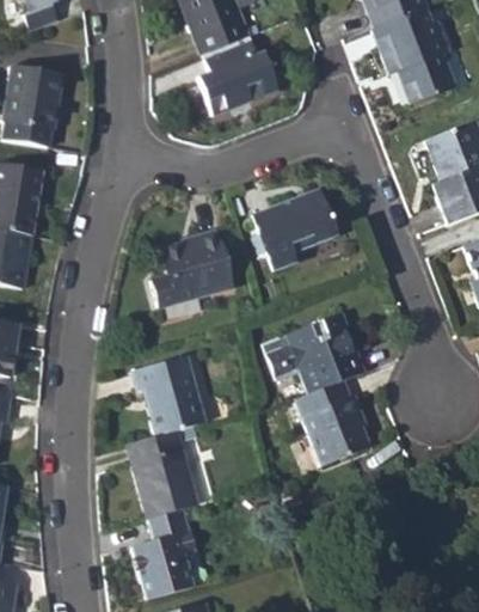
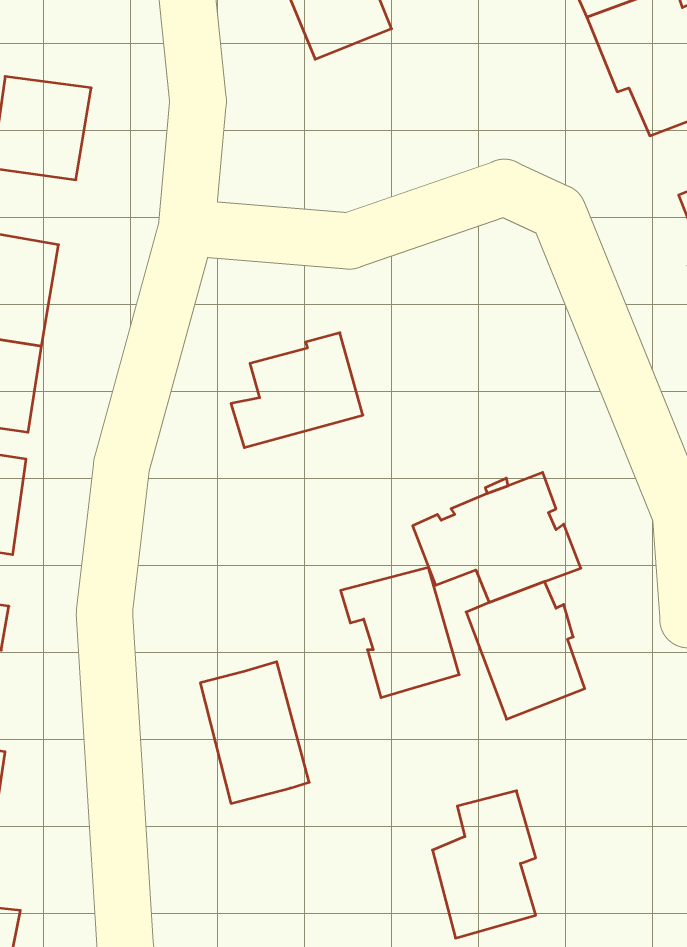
building: [198,36,282,115] -> none
building: [254,191,339,271] -> none
building: [133,356,207,437] -> [341,567,459,698]
building: [134,510,198,602] -> [432,791,536,938]

